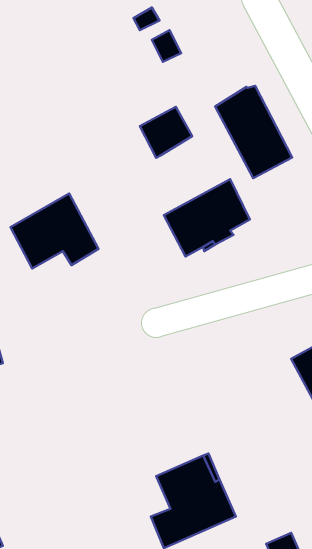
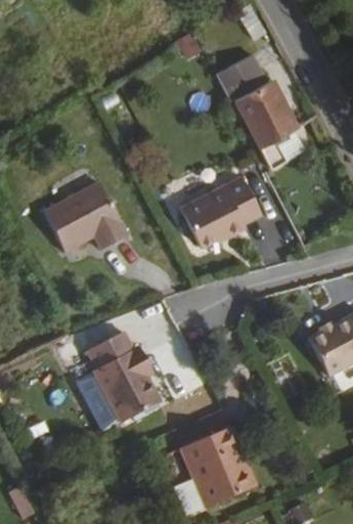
building: [140,107,192,158] -> [217,54,266,102]
building: none -> [77,334,155,432]

